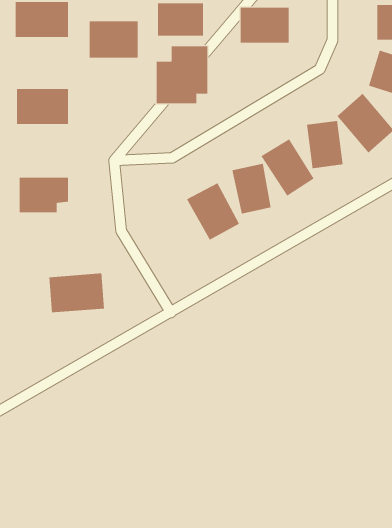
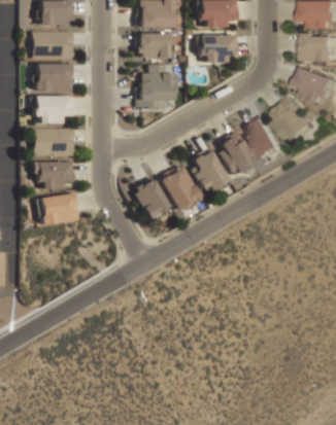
building: [89,21,138,58] -> [35,63,72,91]
building: none -> [32,127,73,156]
building: none -> [133,179,168,218]
building: [48,273,105,313] -> [35,193,77,223]

